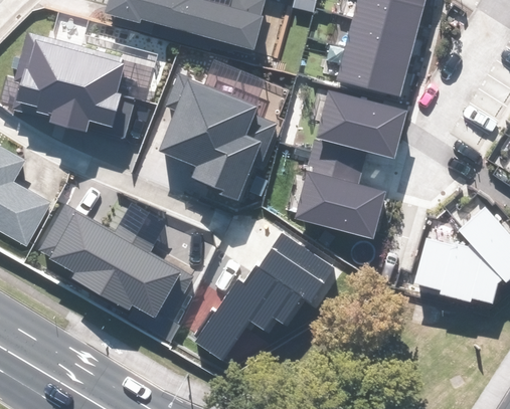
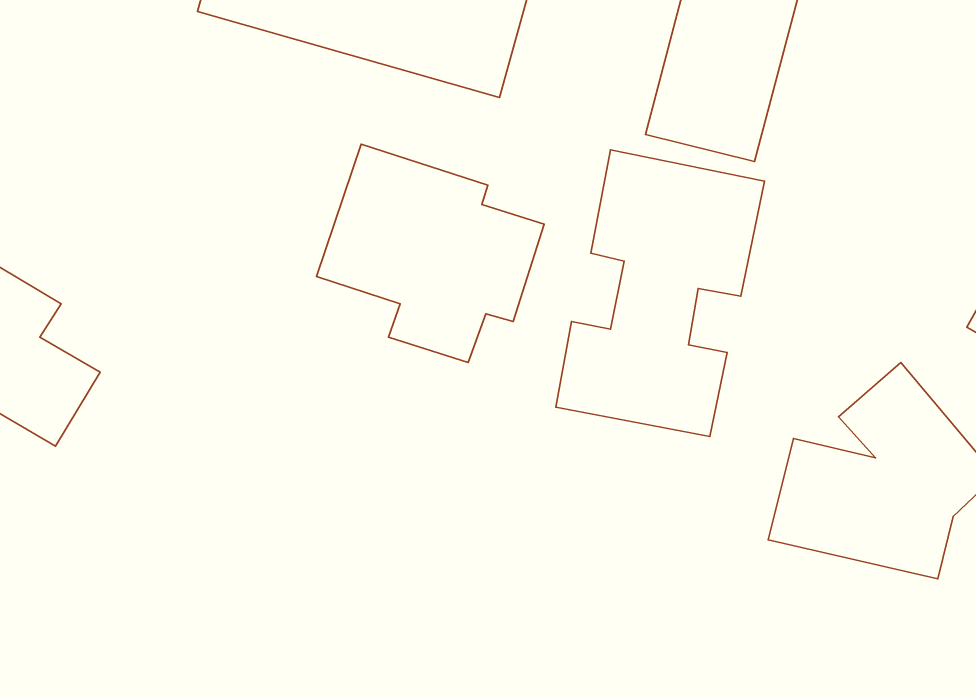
building: [16,35,131,133] -> none
building: [51,208,202,331] -> none
building: [187,243,331,363] -> none

